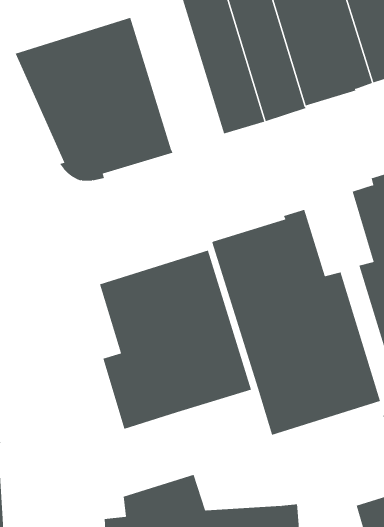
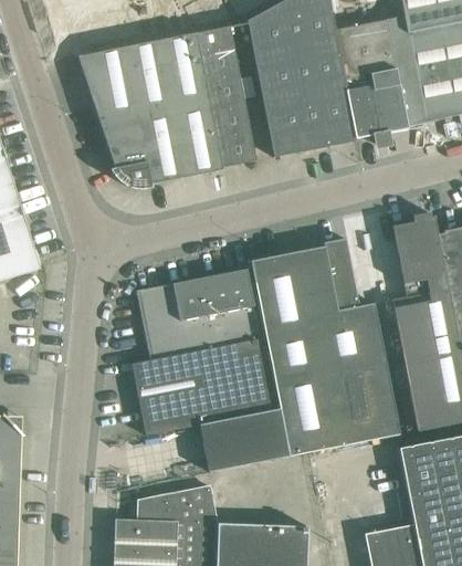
building: none -> [195,27,255,167]
building: none -> [199,409,288,472]

